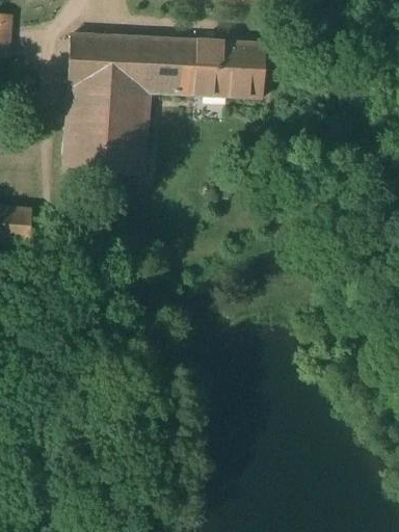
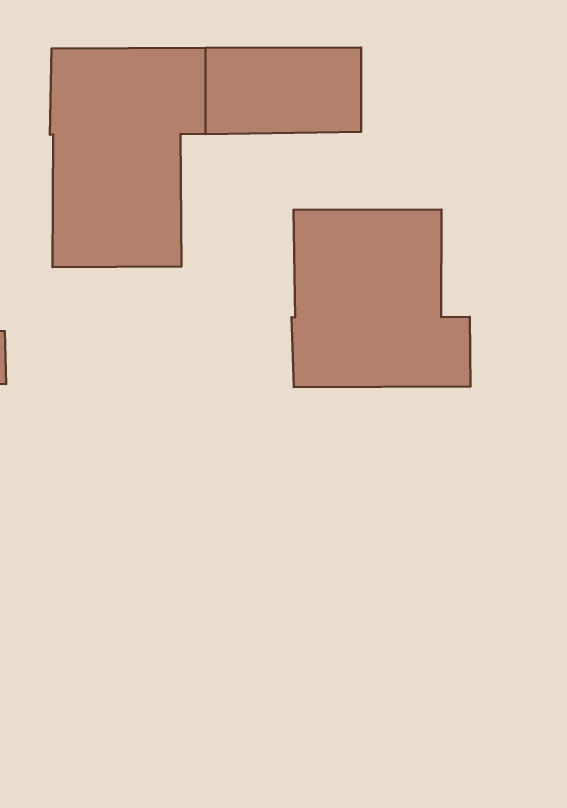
building: none -> [291,210,470,387]

